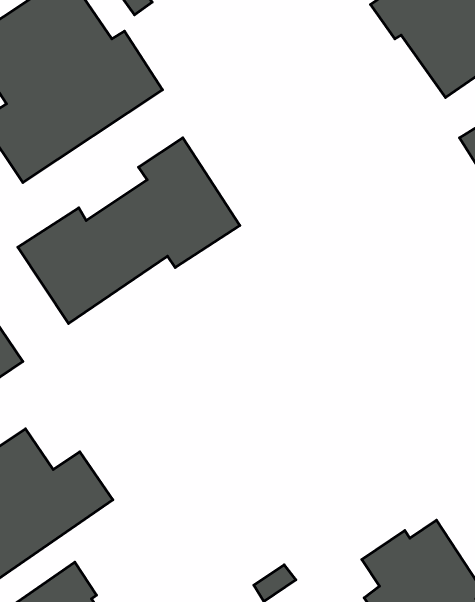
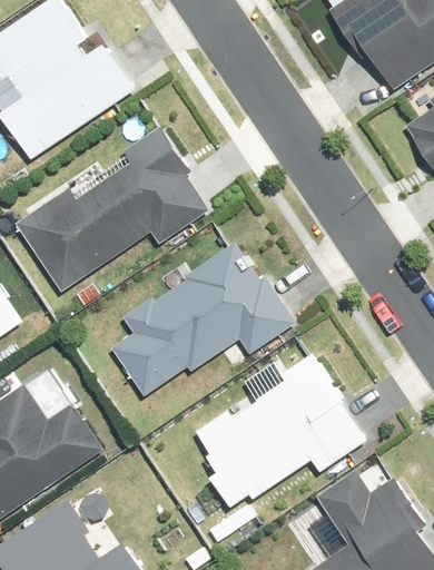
building: none -> [101,245,300,410]
building: none -> [194,352,367,508]

